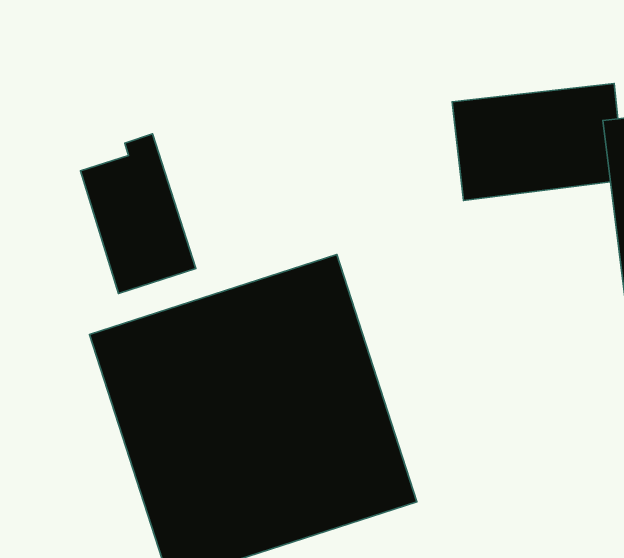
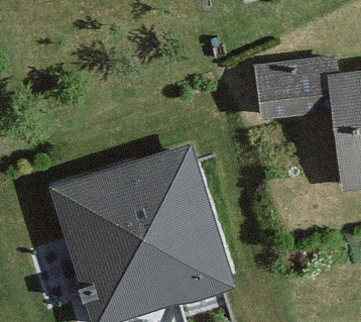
building: [80,134,196,294] -> none

